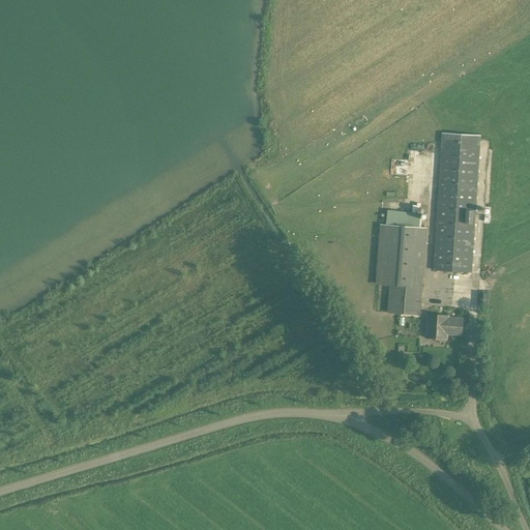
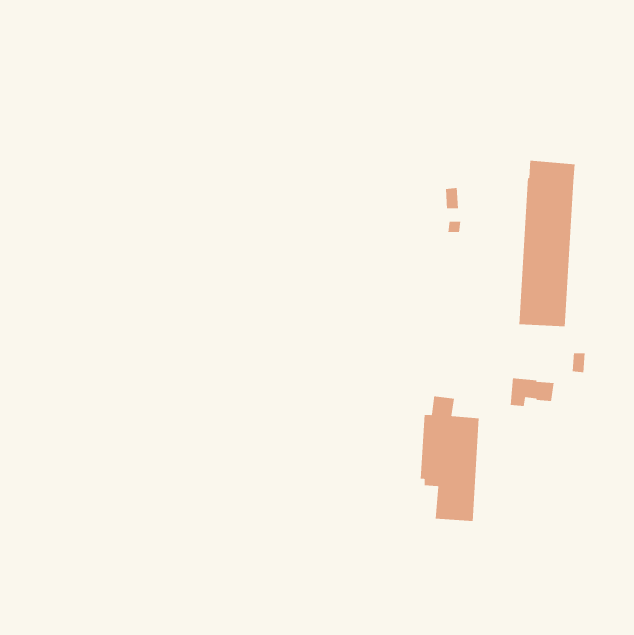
building: [375,209,424,314] -> [420,396,480,521]

